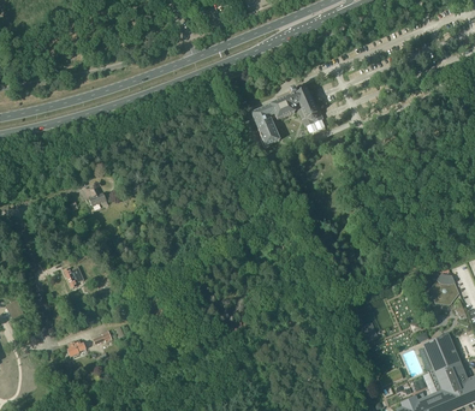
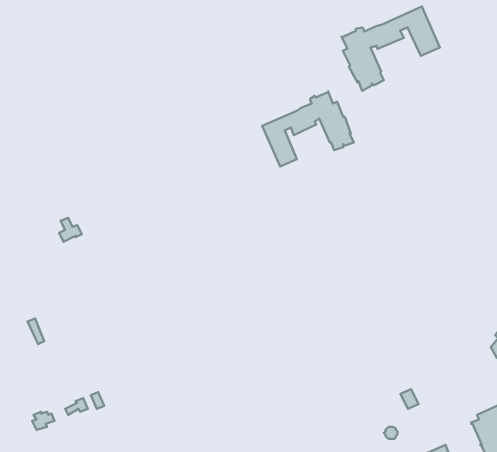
building: none -> [342,6,440,91]

